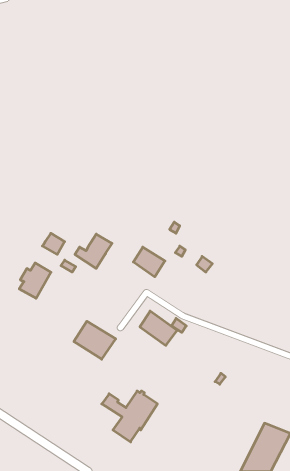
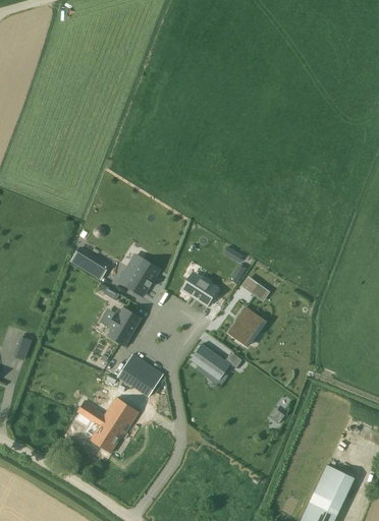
building: [19,263,51,298] -> [106,307,141,346]
building: none -> [228,307,264,346]
building: [102,391,157,442] -> [76,397,138,453]

